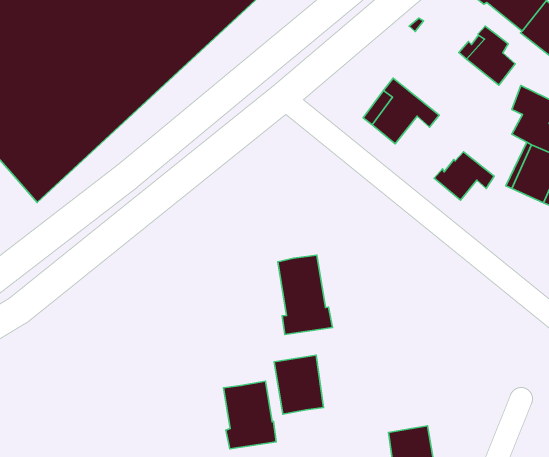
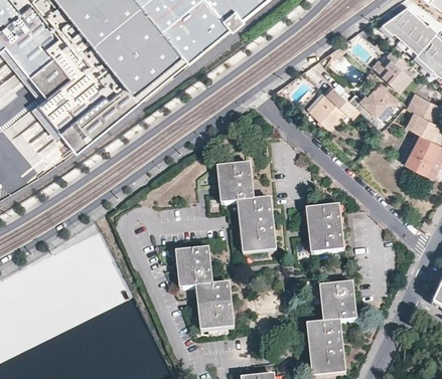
building: [434,152,494,200] -> [357,81,399,115]
building: none -> [218,165,251,205]
building: none -> [307,206,341,254]
building: [274,355,324,414] -> [177,250,209,290]
building: none -> [322,283,353,323]

